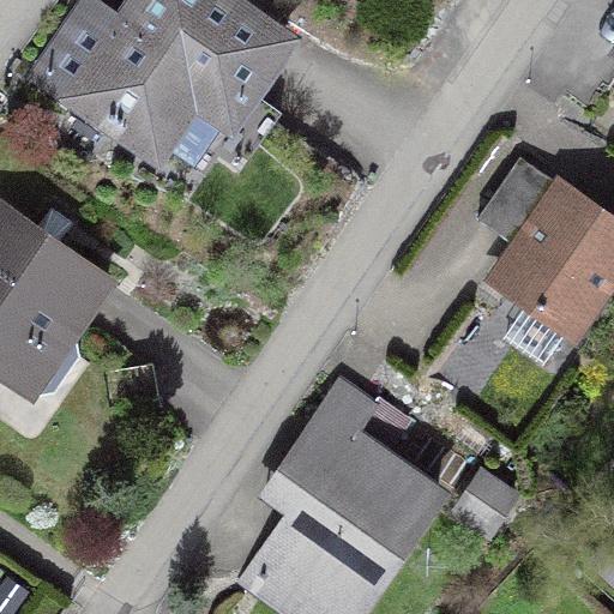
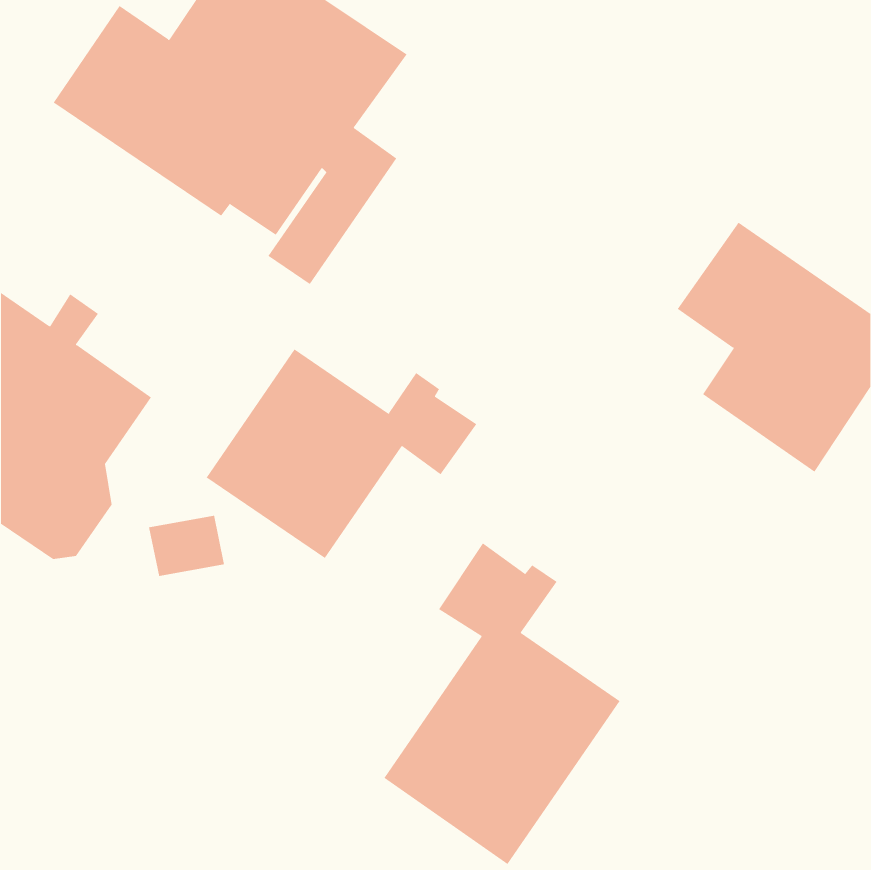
building: none -> [206,349,477,559]

